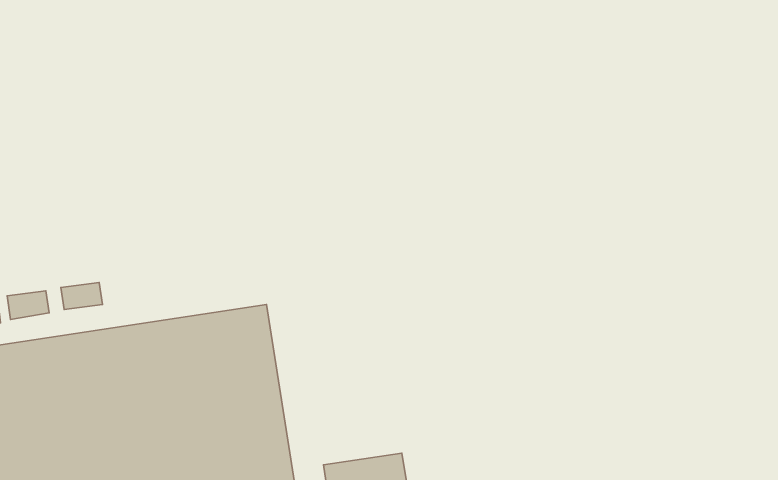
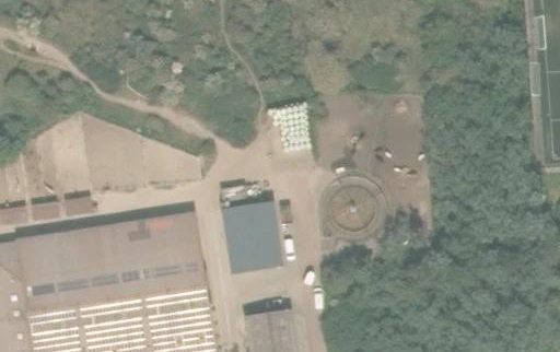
building: none -> [224,208,281,271]

